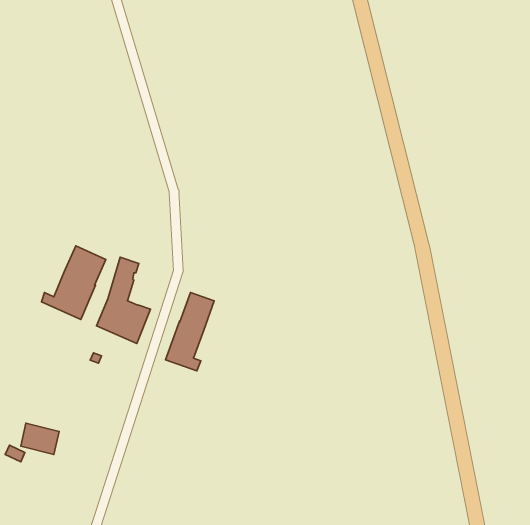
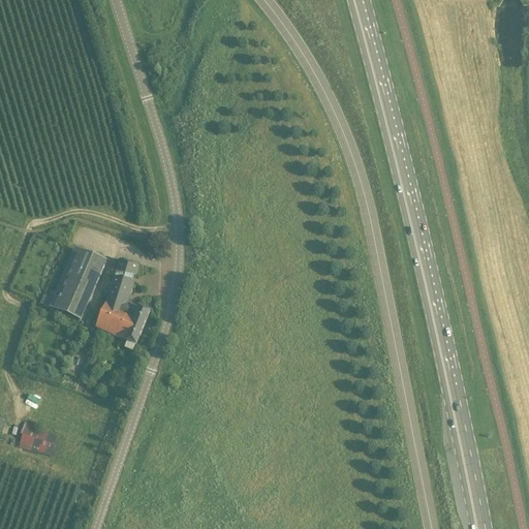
building: [165,292,214,371] -> none

